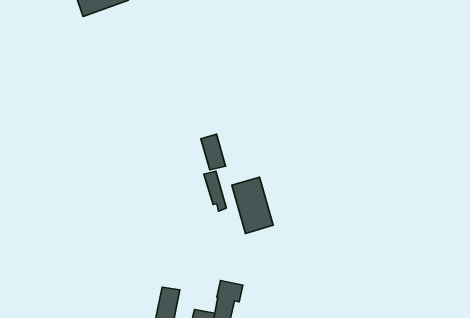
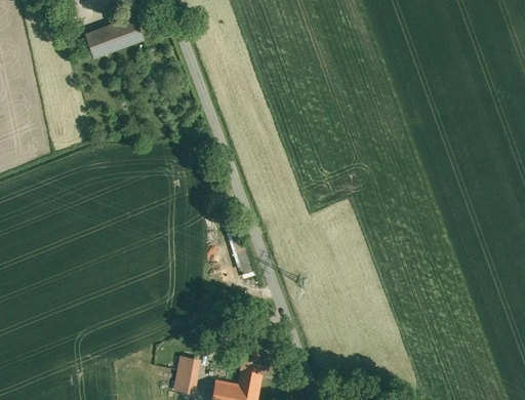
building: [201,134,225,170] -> none
building: [232,177,273,233] -> none

